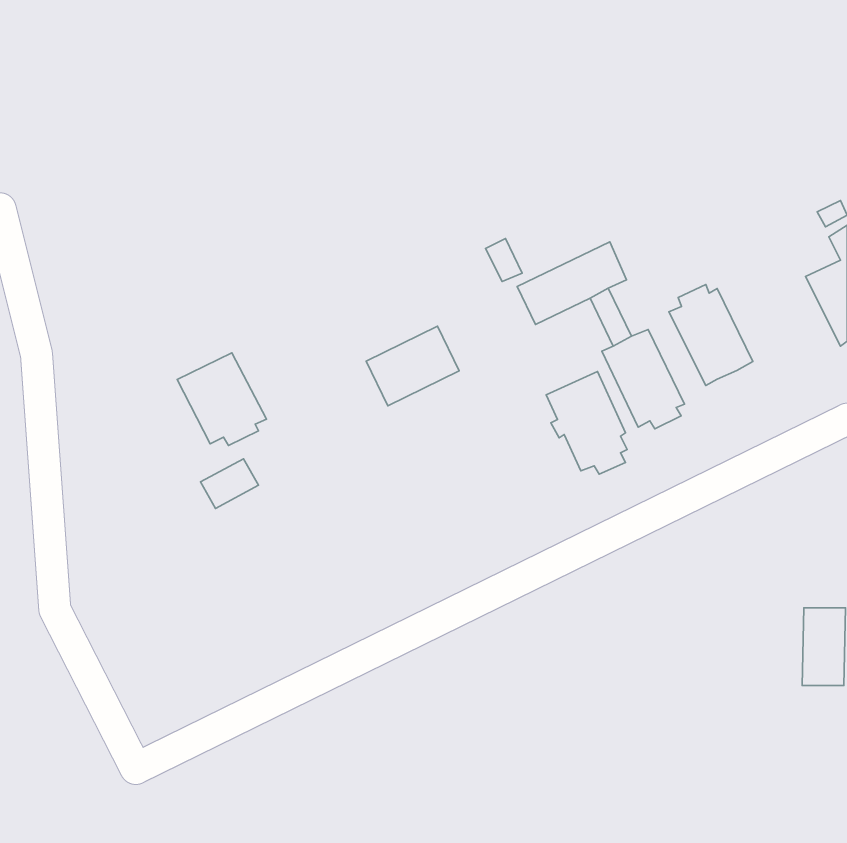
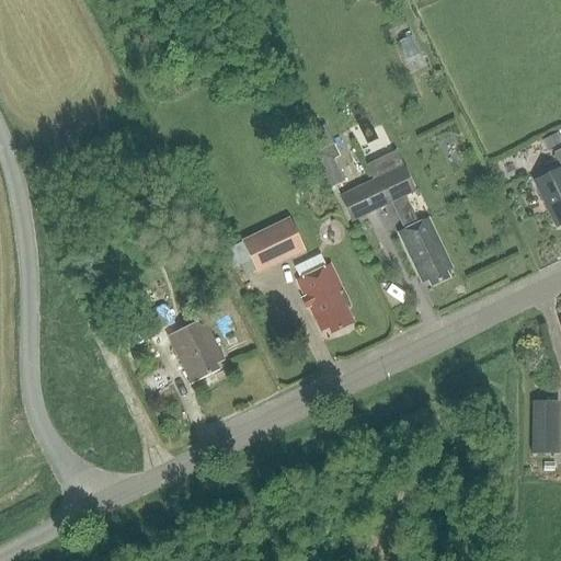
building: [669,284,753,385] -> none
building: [177,353,267,446] -> [168,318,227,379]
building: [546,372,627,474] -> [298,263,352,331]

